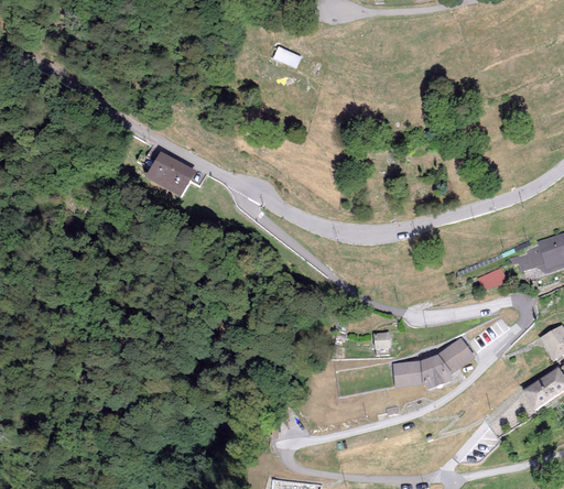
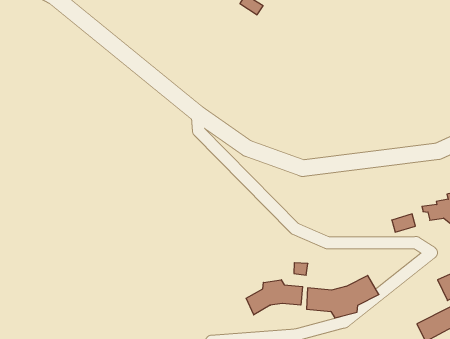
building: [148,150,194,192] -> none
building: none -> [246,280,303,315]

